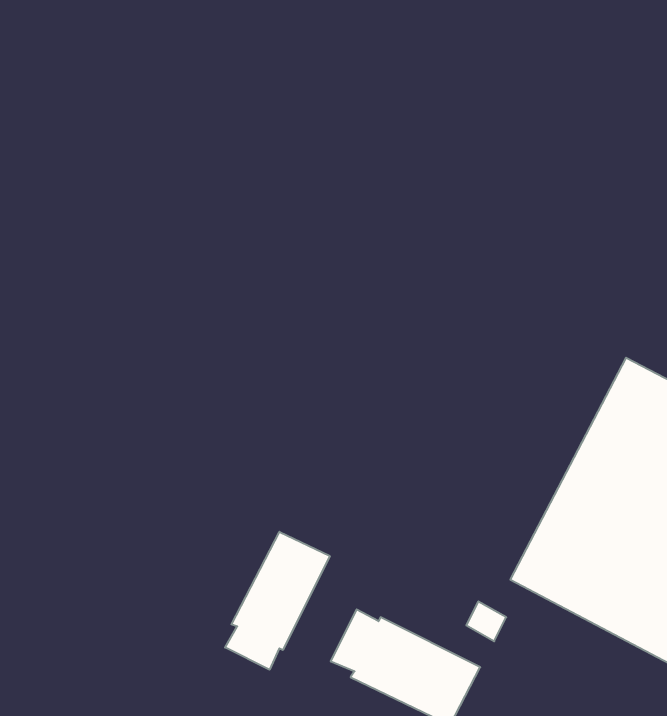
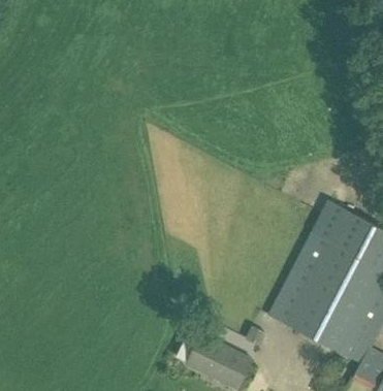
building: [225,532,330,670] -> none

